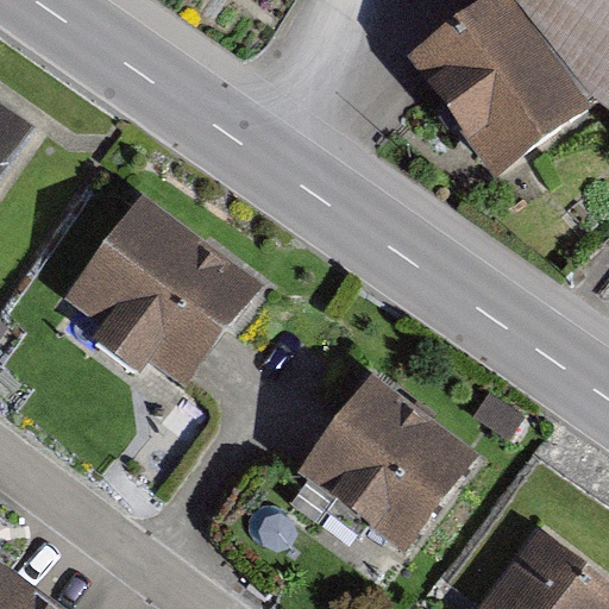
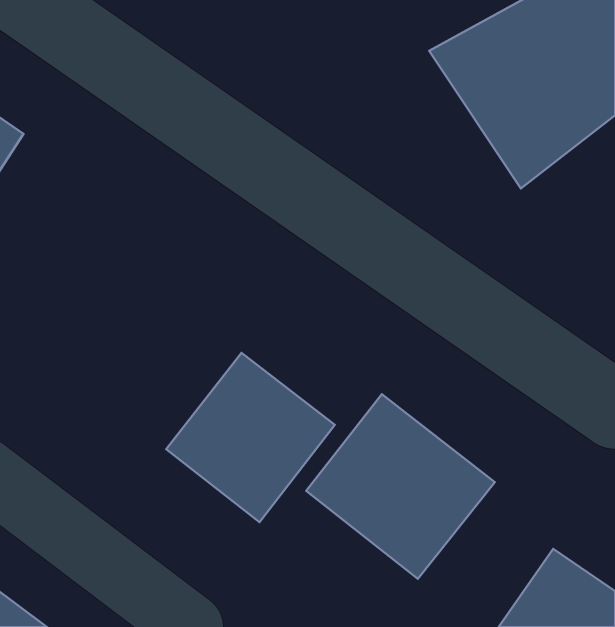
building: [67,197,256,381] -> none
building: none -> [166,353,335,522]

